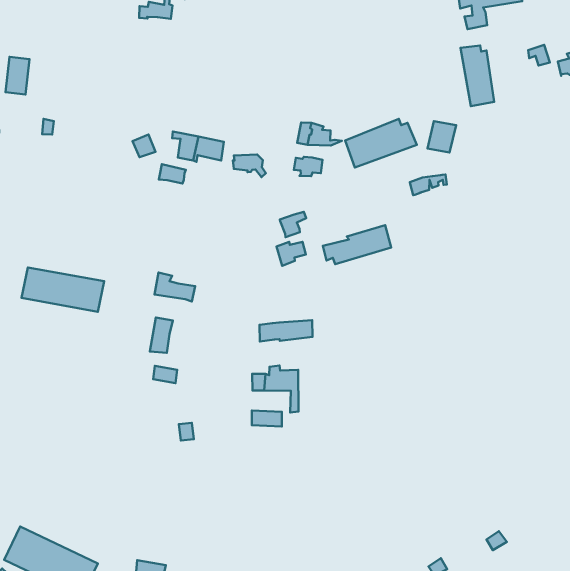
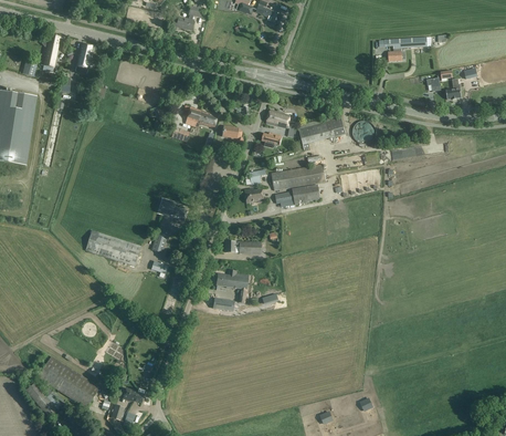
building: [461,46,494,106] -> none
building: none -> [271,164,327,191]
building: [21,267,104,312] -> [85,230,141,266]

